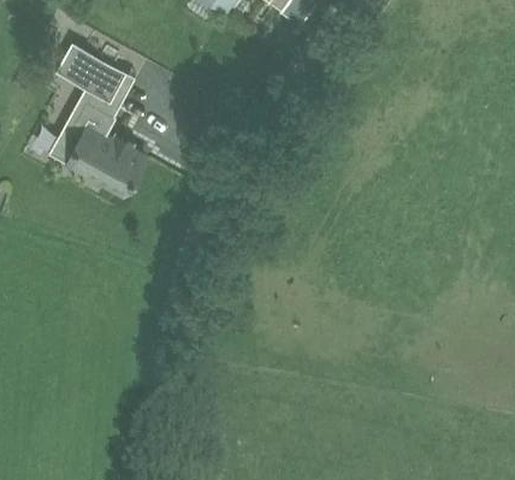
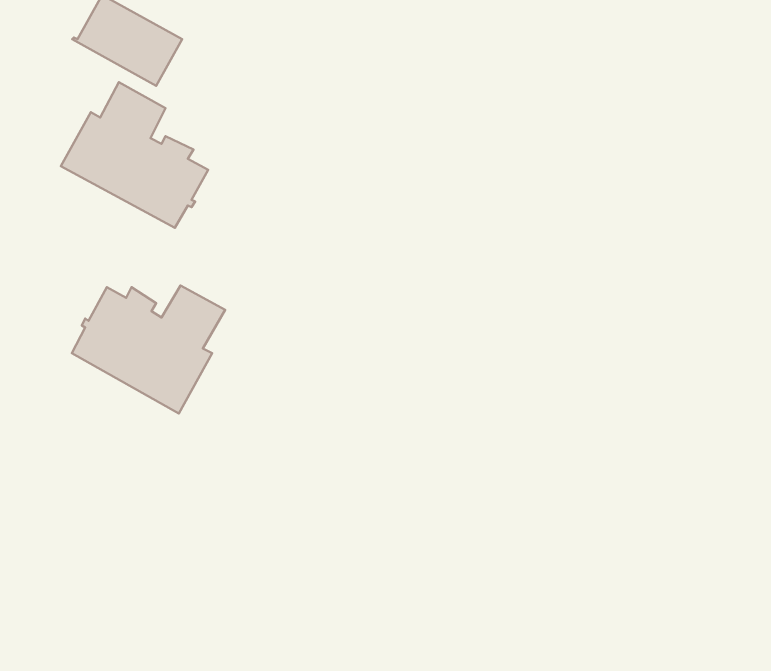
building: none -> [72,286,225,414]

